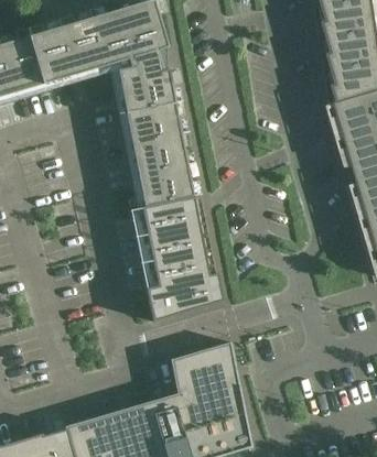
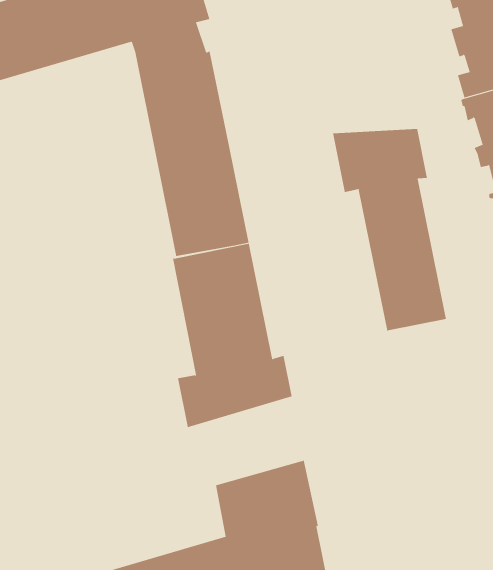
building: none -> [332,128,446,332]

